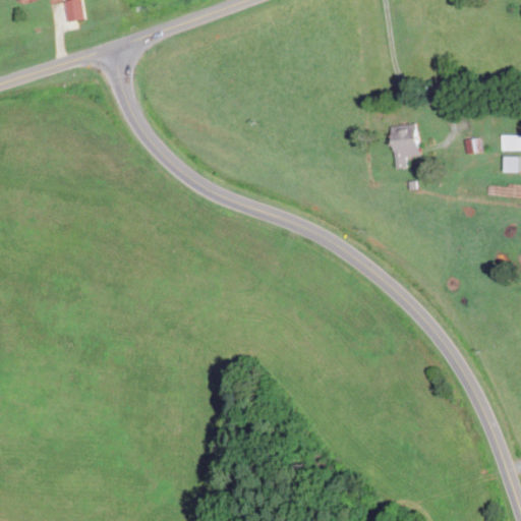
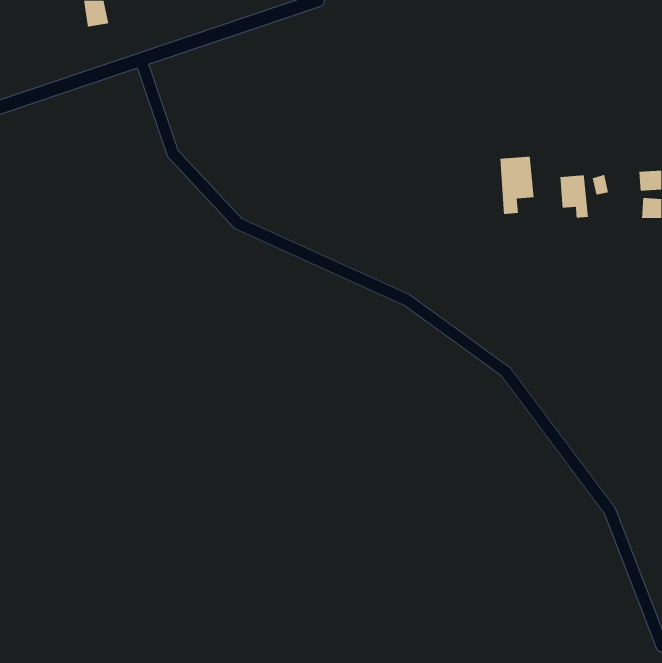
building: none -> [560,174,588,218]

